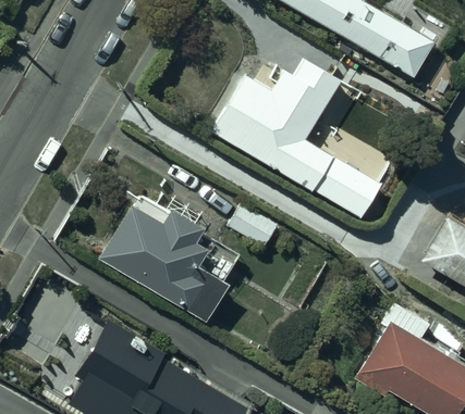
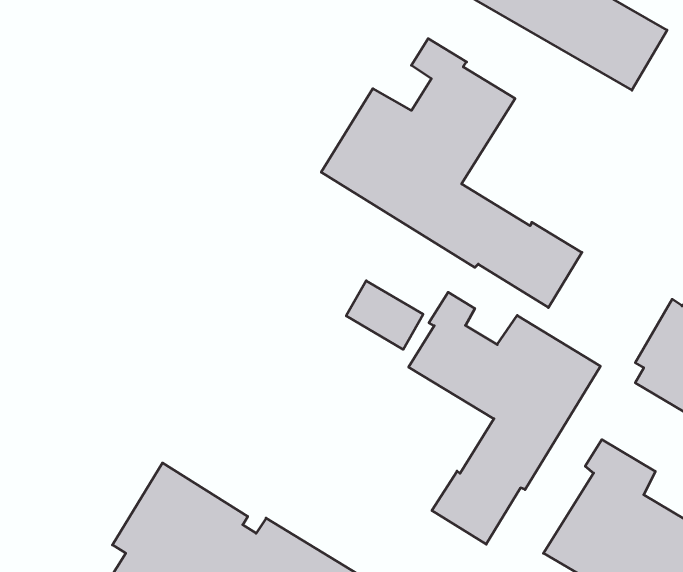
building: [100,193,240,324] -> none
building: none -> [409,292,600,544]

